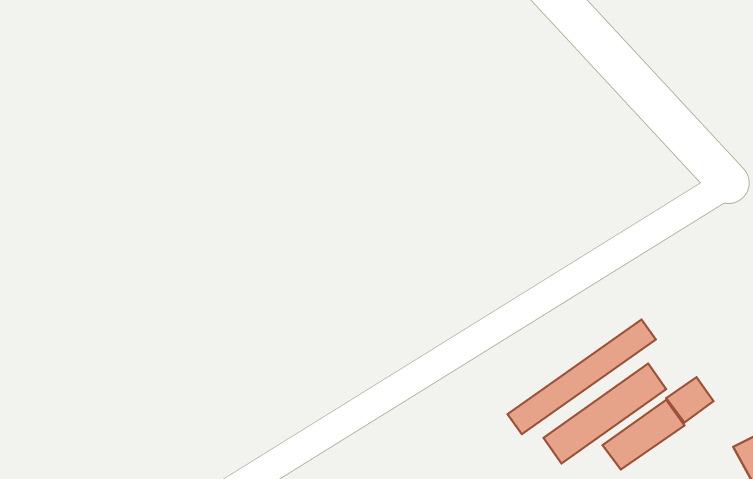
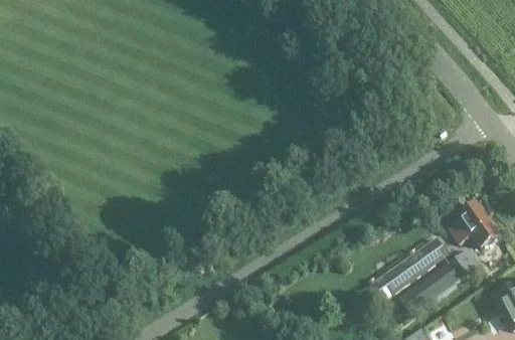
building: none -> [450,206,500,250]
building: [507,319,656,434] -> none

